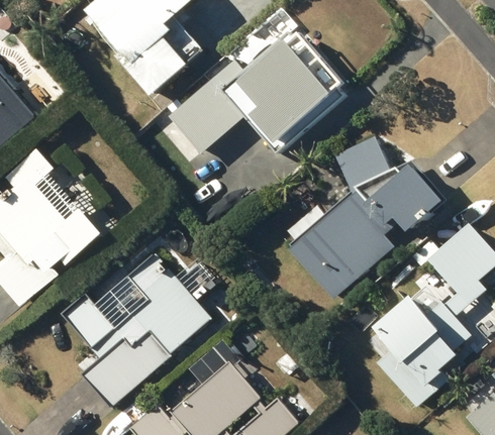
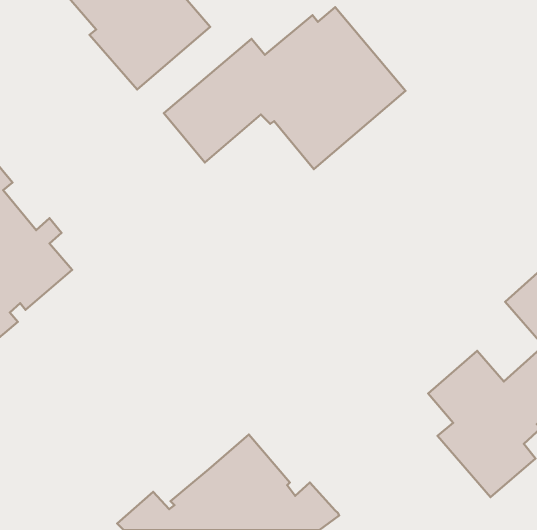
building: [289,137,438,299] -> none
building: [61,251,212,407] -> none

